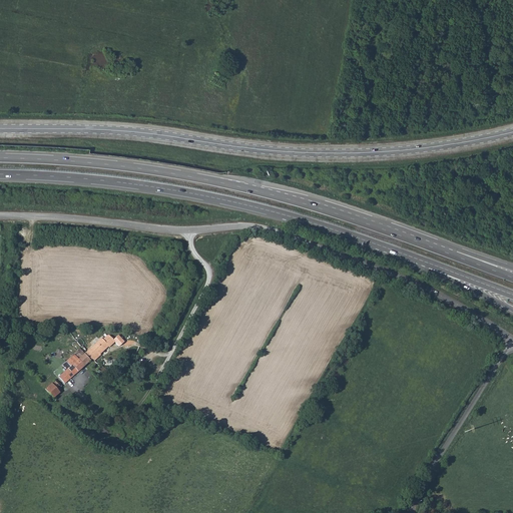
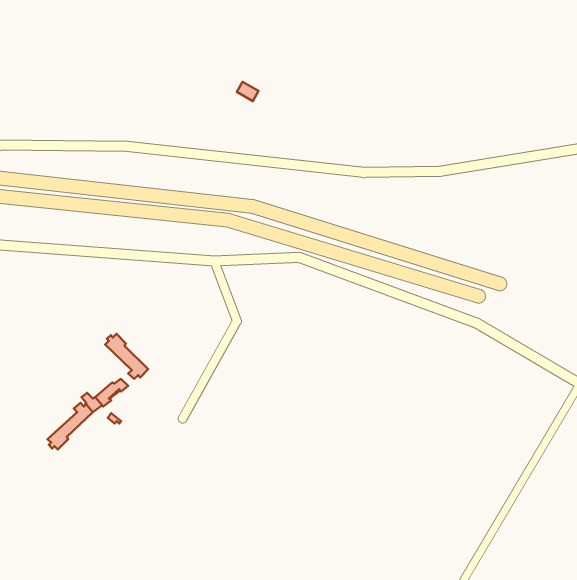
building: none -> [105,334,148,379]

